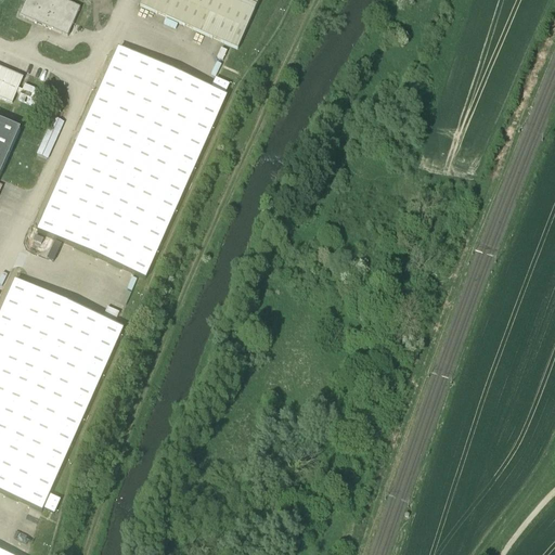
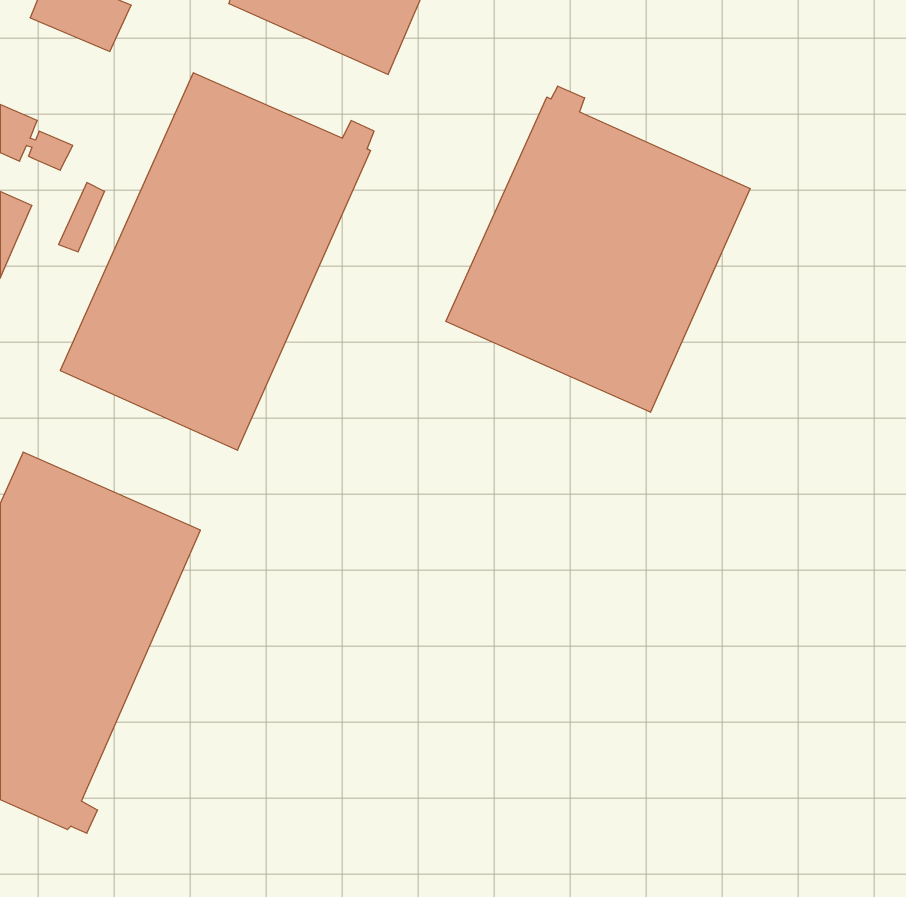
building: none -> [446,86,750,412]

